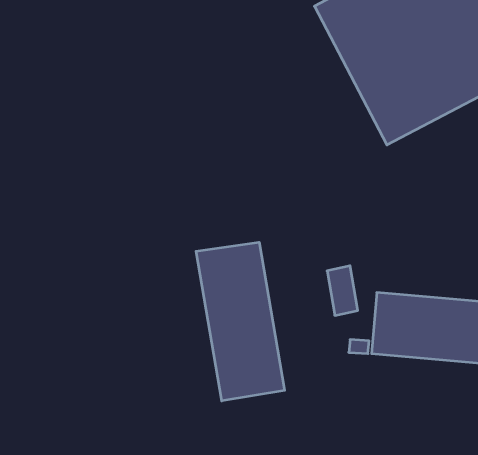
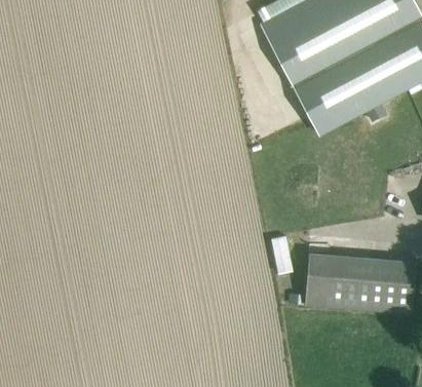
building: [196,242,285,401] -> none

